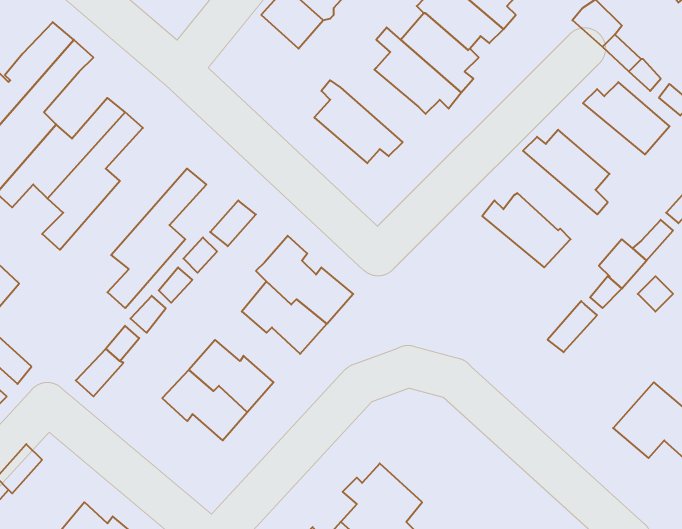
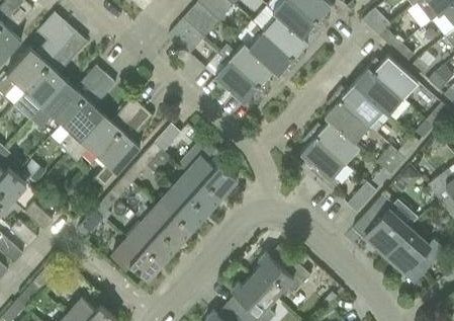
building: none -> [169,17,205,54]
building: none -> [219,43,274,90]
building: none -> [354,68,403,114]
building: none -> [325,95,368,141]
building: none -> [69,97,142,160]
building: none -> [300,133,346,190]
building: none -> [158,187,206,228]
building: none -> [359,195,408,254]
building: none -> [112,237,162,277]
building: none -> [252,248,310,297]

